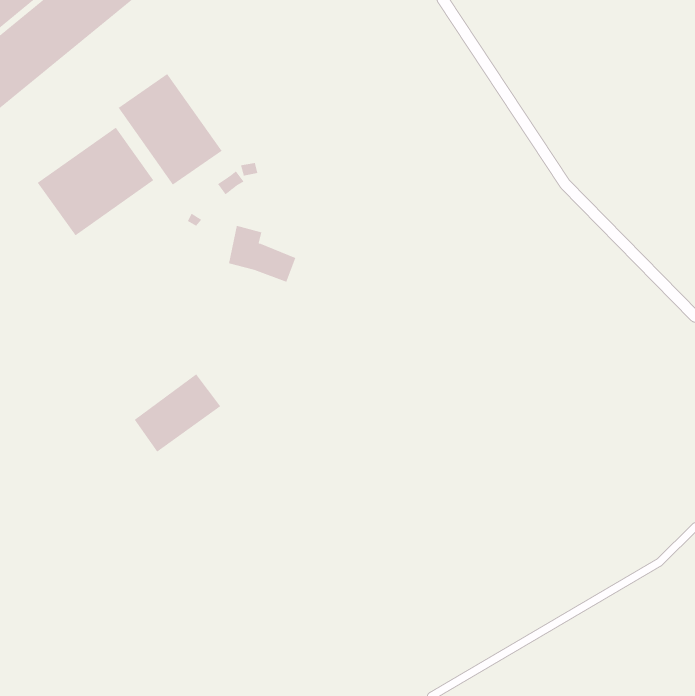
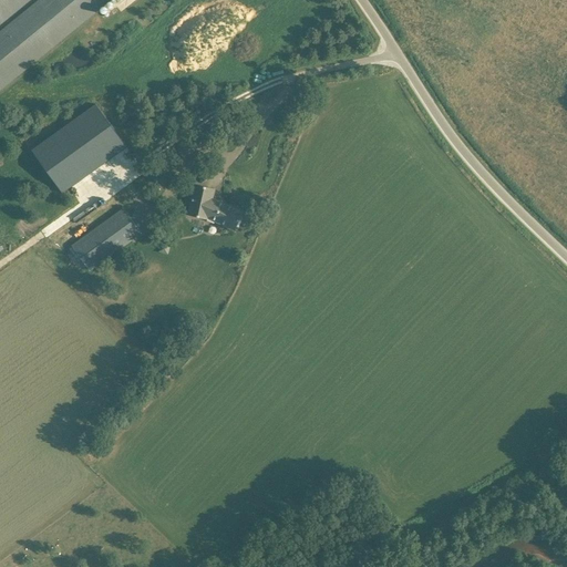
building: [118,73,222,185] -> none
building: [134,373,221,453] -> [70,206,141,270]

